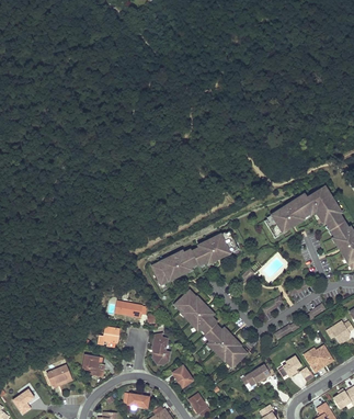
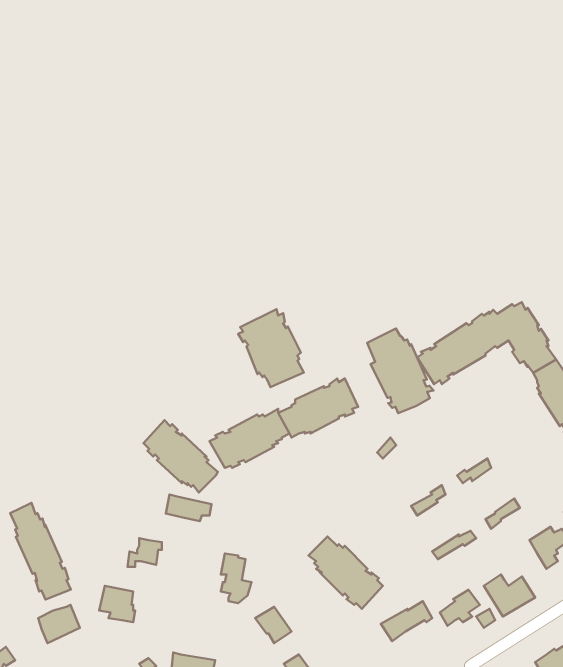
building: none -> [238,309,304,387]
building: none -> [367,329,433,413]
building: [172,293,215,335] -> [144,420,218,493]
building: none -> [10,503,71,600]

